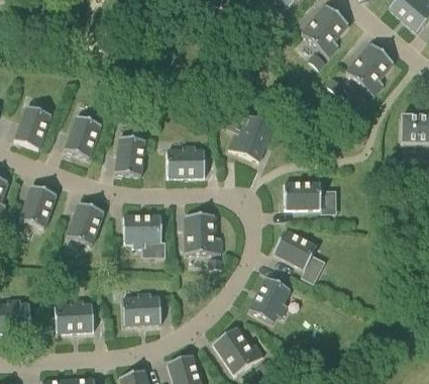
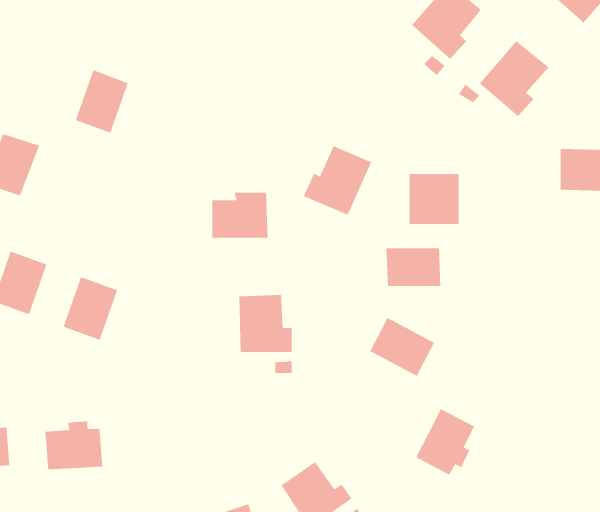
building: [65,114,101,158] -> [75,69,129,134]
building: none -> [409,173,460,225]
building: [115,135,145,175] -> none
building: [123,214,162,247] -> none
building: [249,276,290,321] -> [415,408,475,476]
building: [122,292,162,324] -> none

